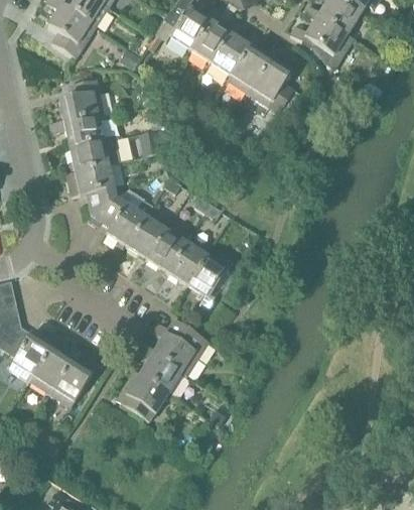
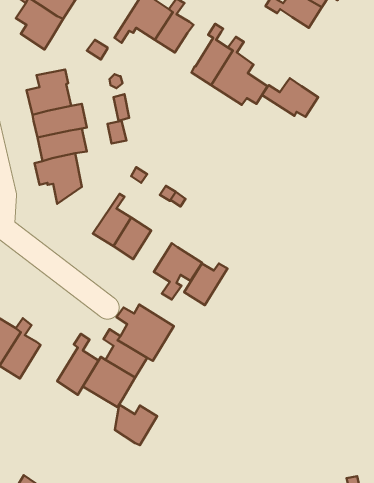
building: [288,16,346,55] -> [262,78,318,117]
building: [209,18,248,75] -> none
building: [89,198,152,245] -> none
building: [166,242,211,284] -> [184,264,228,305]
building: [50,345,93,407] -> [57,334,99,395]
building: none -> [115,405,157,445]

